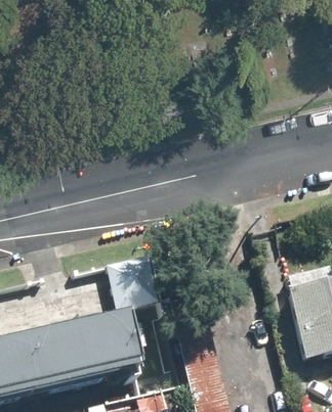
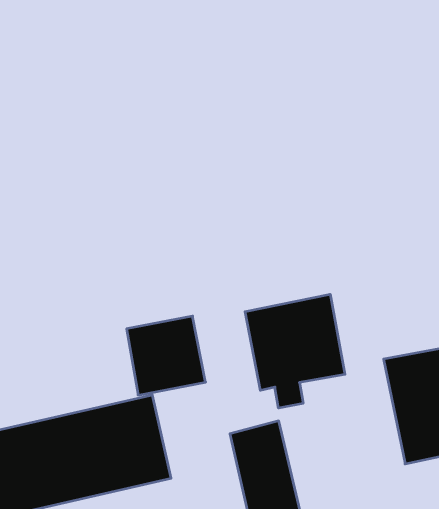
building: none -> [245,294,345,408]

